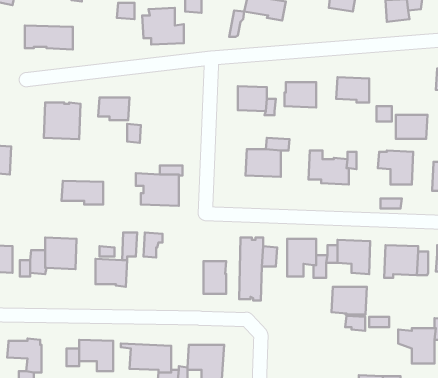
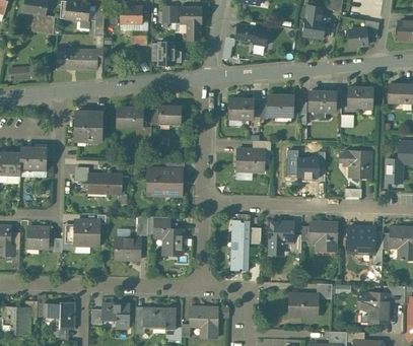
building: none -> [158,105,181,124]
building: [396,115,427,139] -> [347,87,372,107]
building: [204,261,226,294] -> [163,228,182,255]
building: [332,287,367,315] -> [288,294,317,317]

